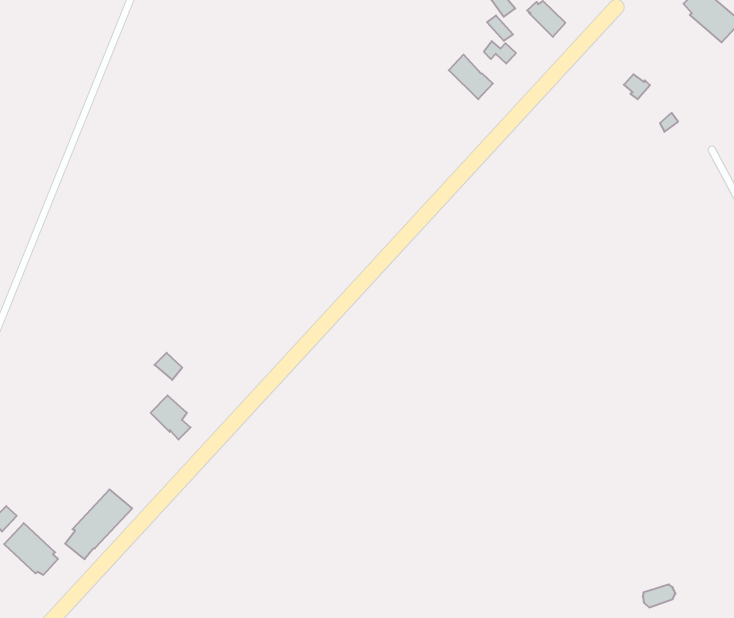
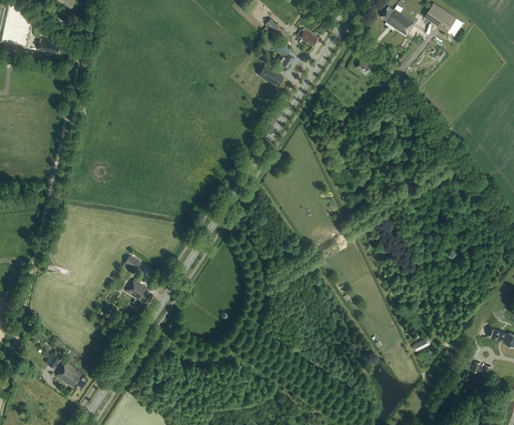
building: [65,489,132,559] -> none

